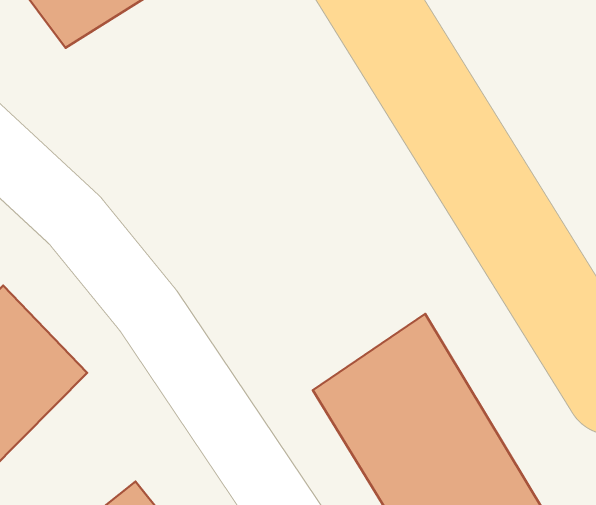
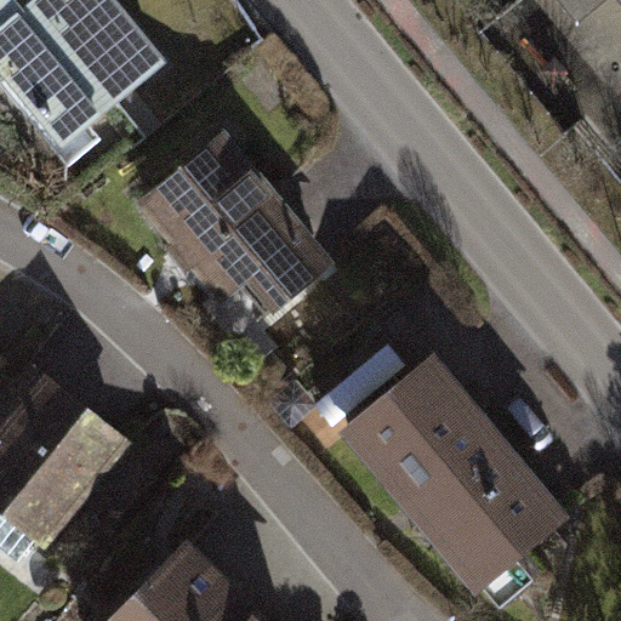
building: none -> [136,129,332,314]

